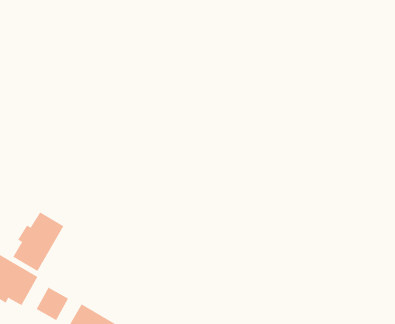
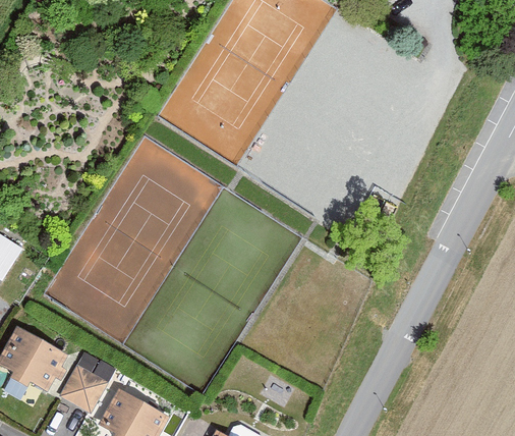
building: [13,211,64,272] -> none

